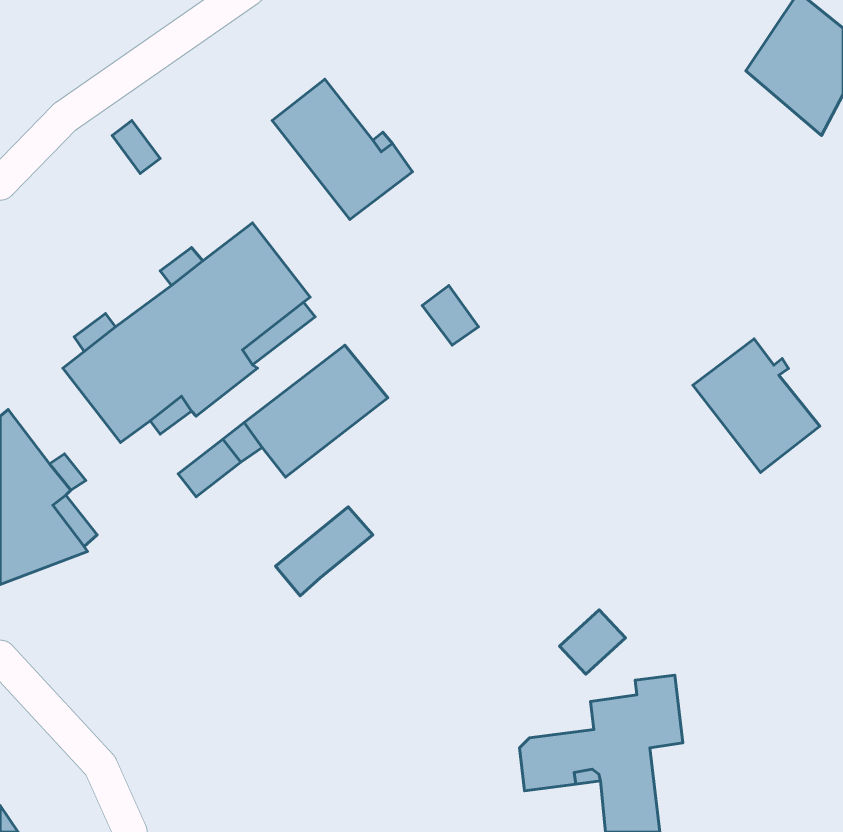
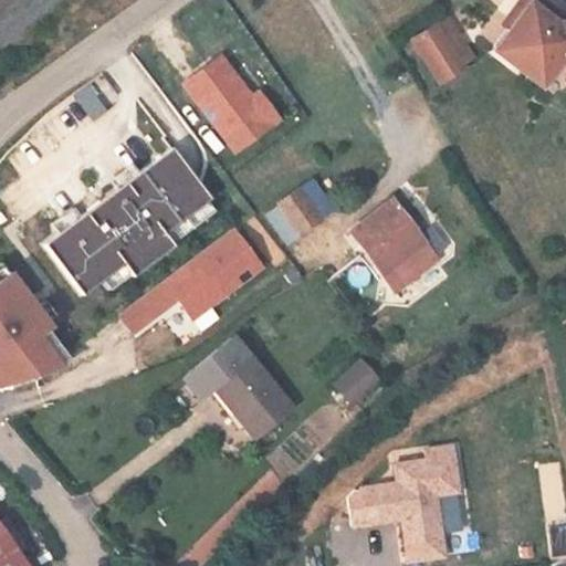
building: none -> [418,20,475,82]
building: [693,339,820,473] -> [353,202,438,292]
building: none -> [214,358,292,438]
building: [559,610,625,674] -> [334,357,378,400]

